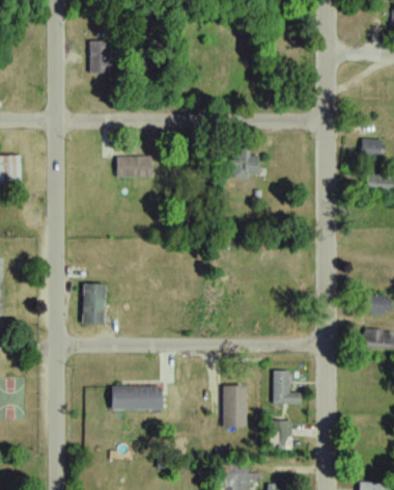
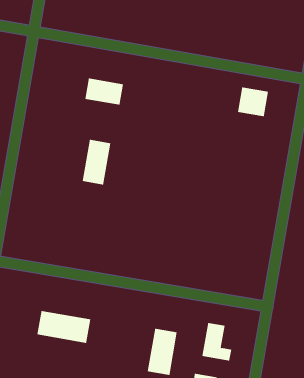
building: [231,152,258,176] -> [237,87,269,117]
building: [83,283,105,325] -> [82,139,111,185]

